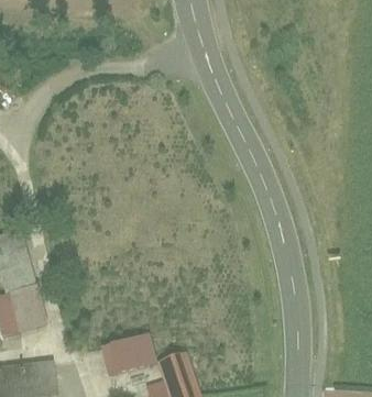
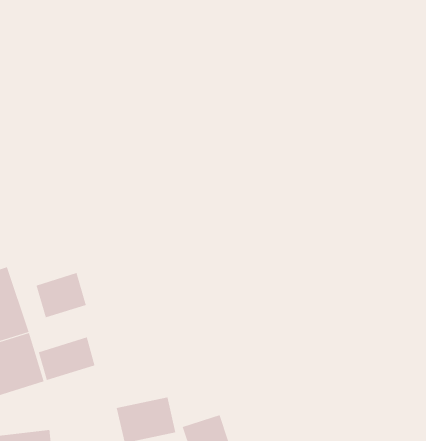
building: none -> [36,272,87,318]
building: none -> [38,337,95,381]

